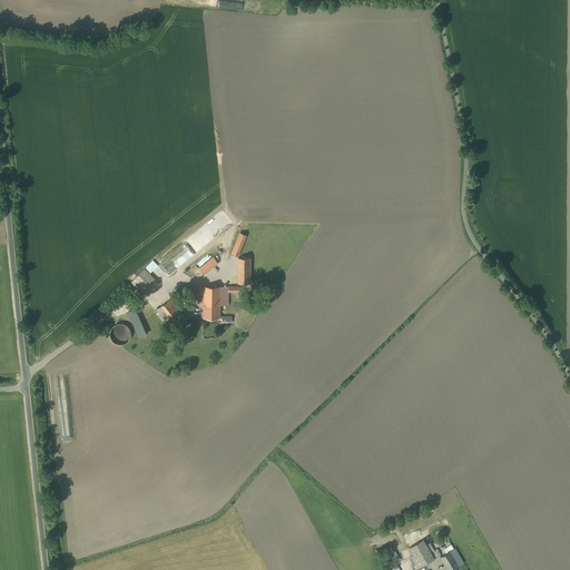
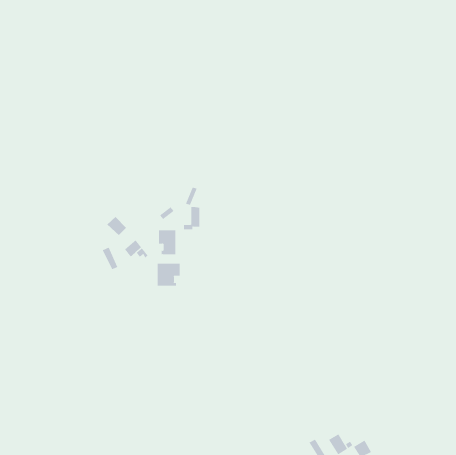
building: none -> [157,263,180,287]

